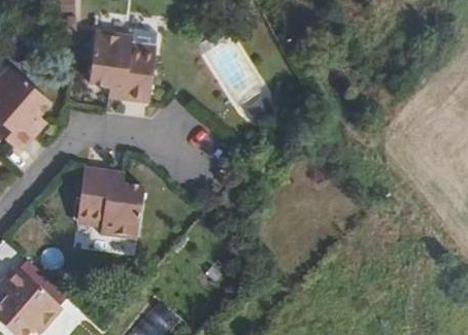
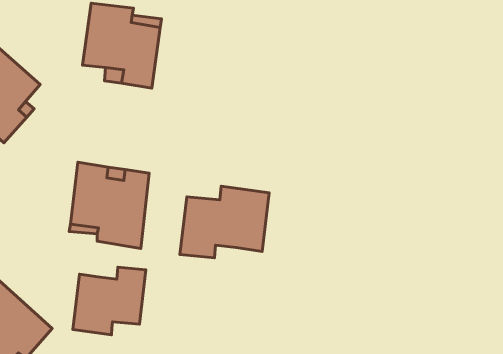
building: none -> [180,186,269,258]
building: none -> [73,267,146,335]

